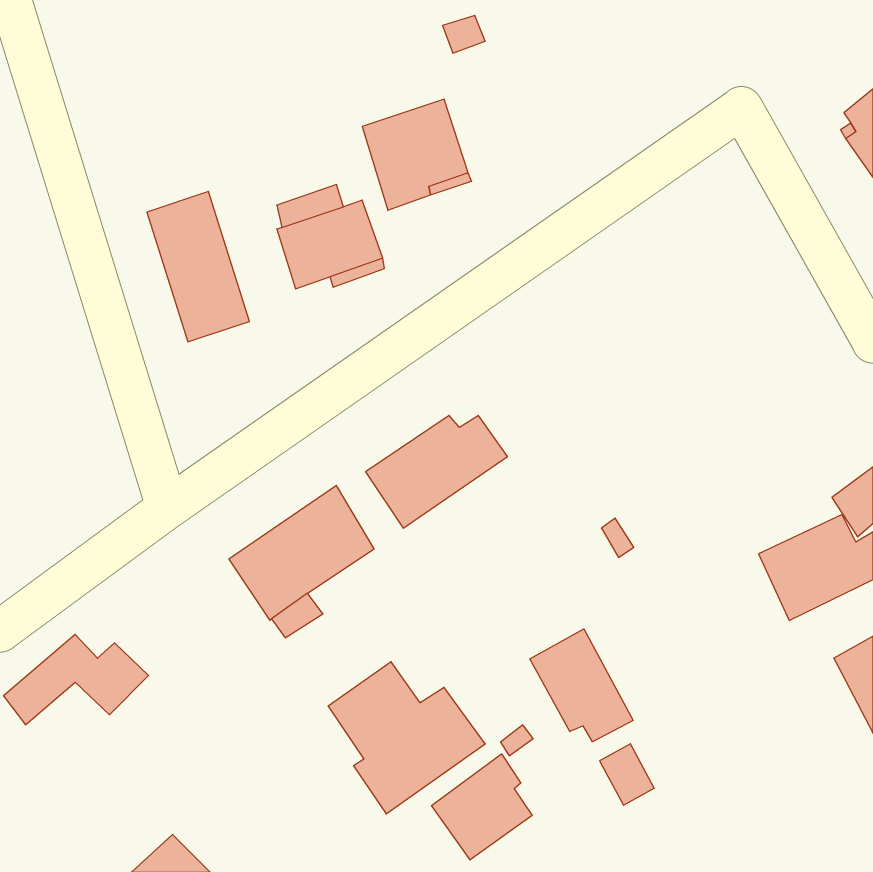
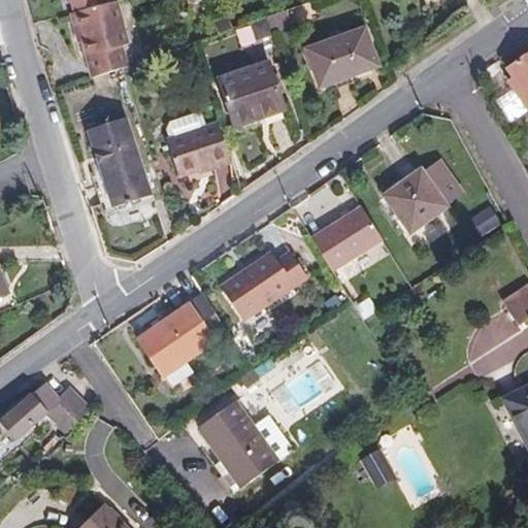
building: none -> [64,5,120,77]
building: none -> [306,26,378,86]
building: none -> [385,161,460,231]
building: none -> [309,205,384,272]
building: [530,629,633,742] -> none
building: [432,754,532,860] -> none

